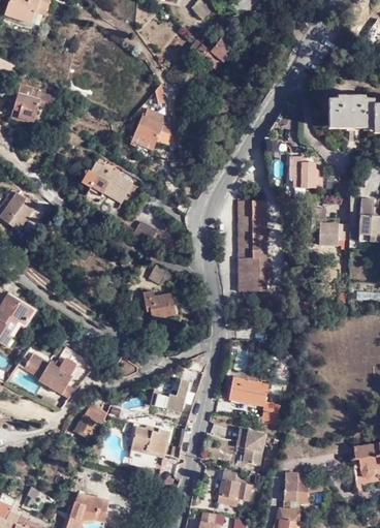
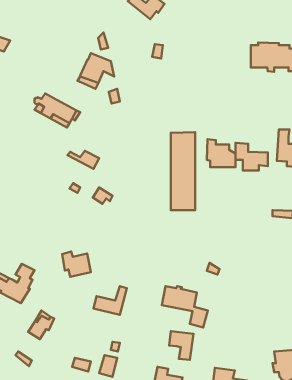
building: [289,156,322,188] -> [207,139,235,167]
building: [141,290,175,319] -> [62,252,91,277]
building: [128,423,168,449] -> none

